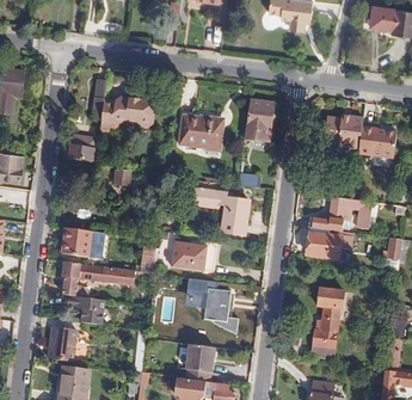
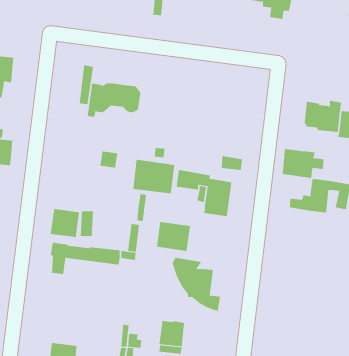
building: [245,99,273,140] -> none
building: [178,113,222,149] -> [132,159,175,194]
building: [68,134,93,160] -> none
building: [307,227,351,258] -> [282,149,325,179]
building: [310,288,343,358] -> none
building: [62,294,104,325] -> none
building: [48,326,75,362] -> none

